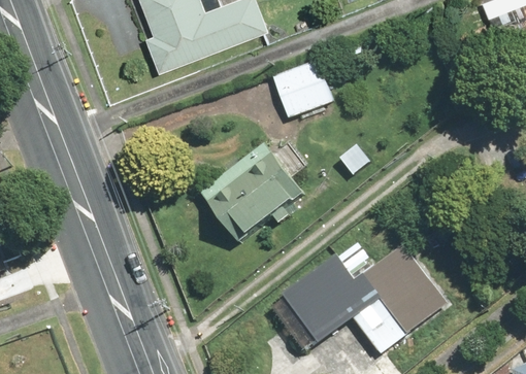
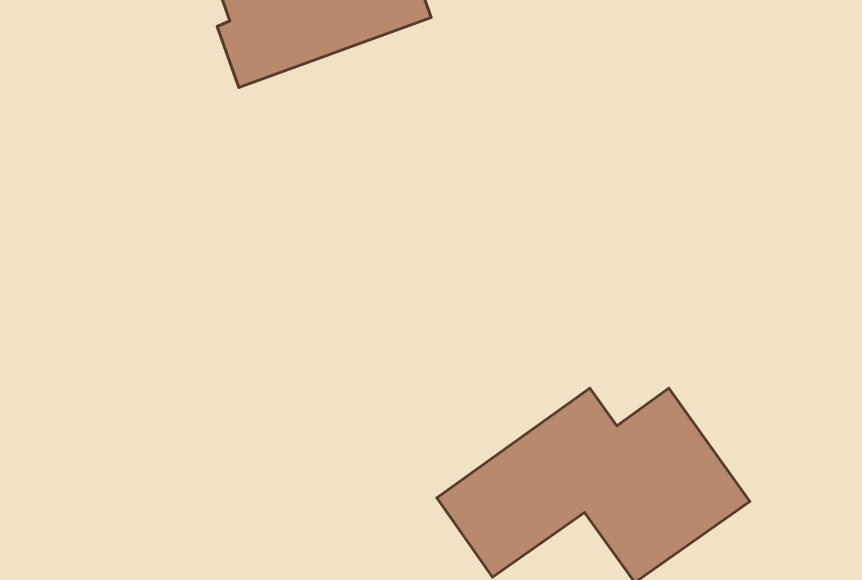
building: [270,58,333,120] -> none
building: [200,140,311,248] -> none

